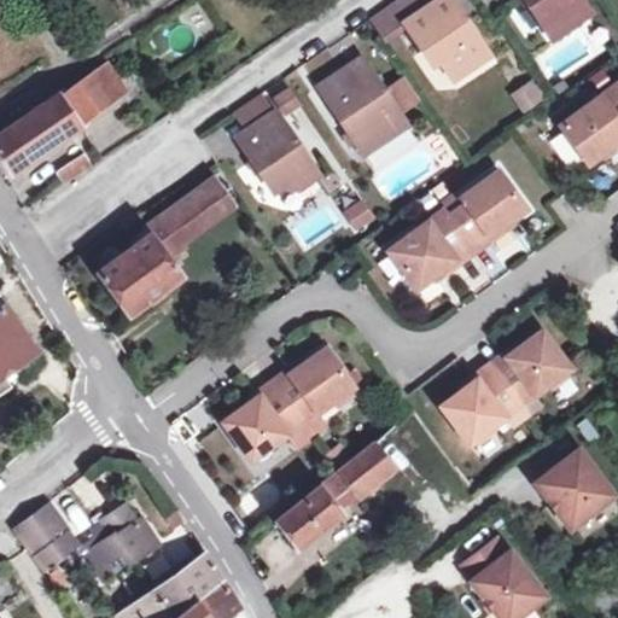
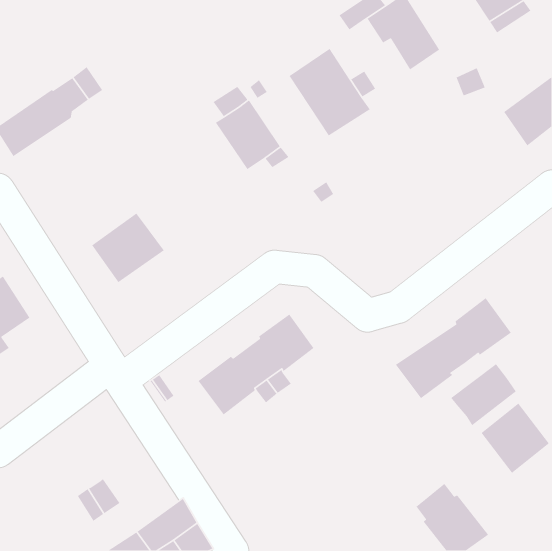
building: [386,170,525,288] -> none
building: [146,176,239,256] -> none
building: none -> [450,363,517,426]
building: [339,437,403,495] -> none
building: [275,486,339,547] -> none
building: [91,506,153,560] -> none
building: [17,507,78,575] -> none

